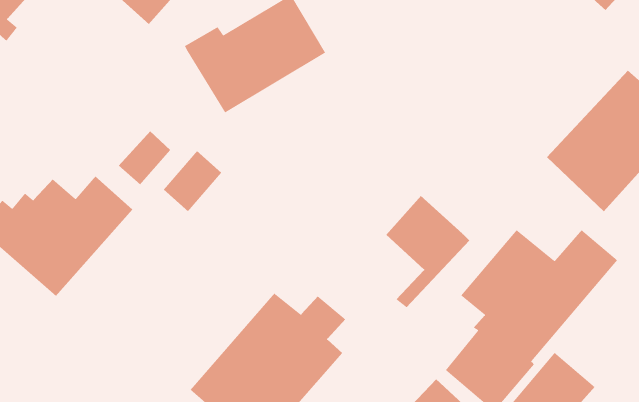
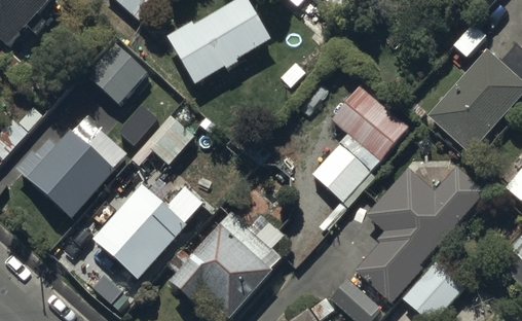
building: none -> [87,37,147,96]
building: none -> [332,85,409,172]
building: none -> [92,186,203,280]

